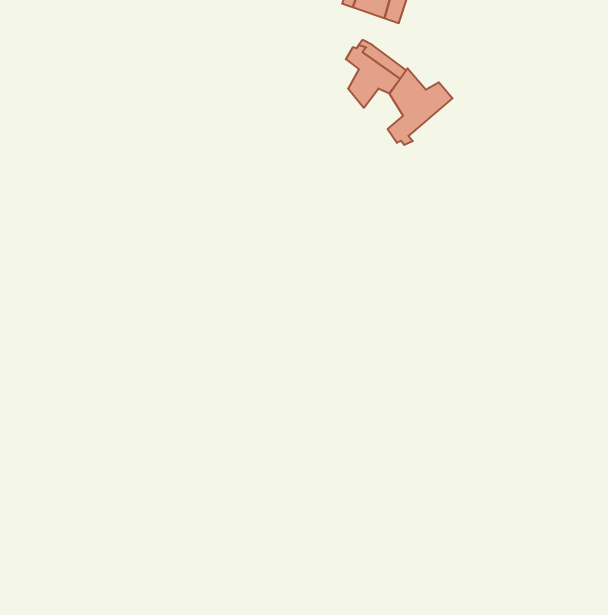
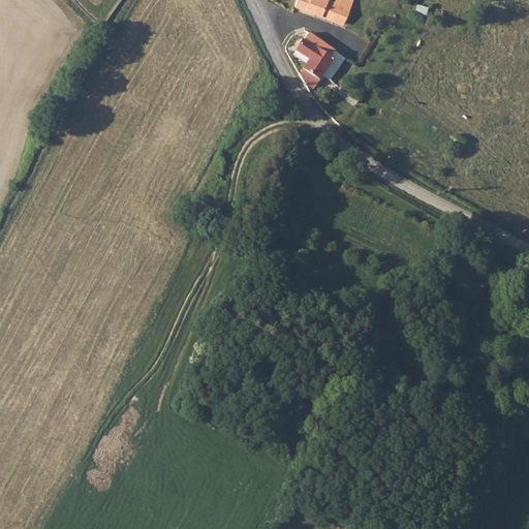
building: [388,68,453,145] -> none

